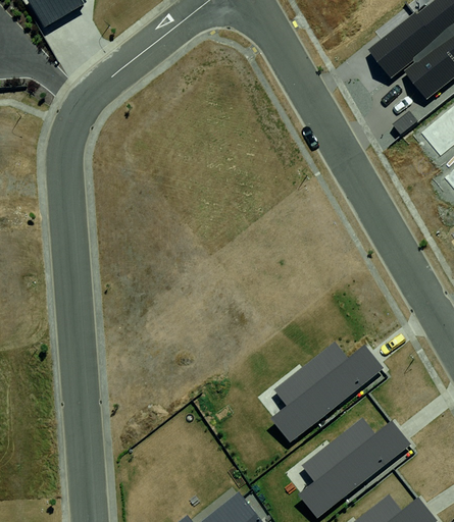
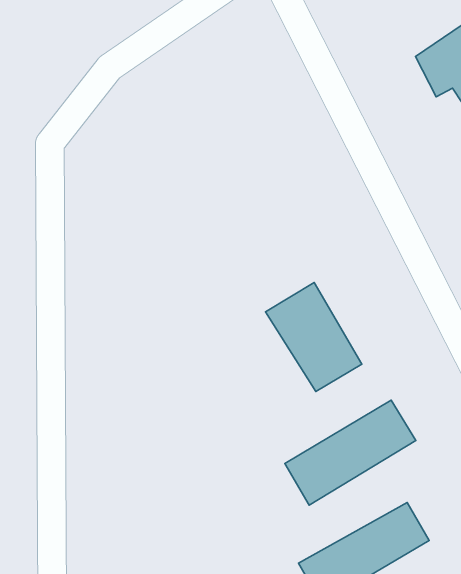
building: none -> [266,282,362,392]

